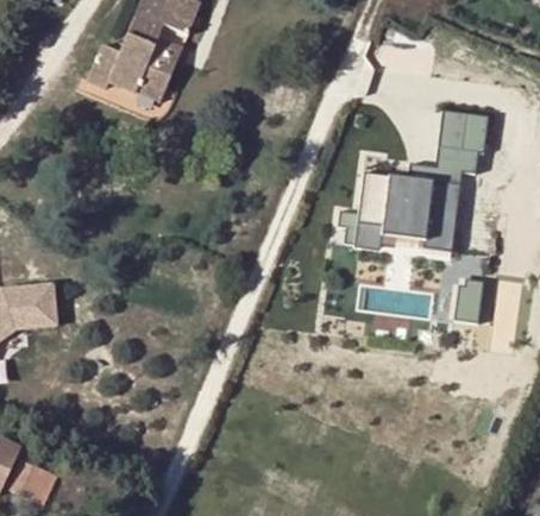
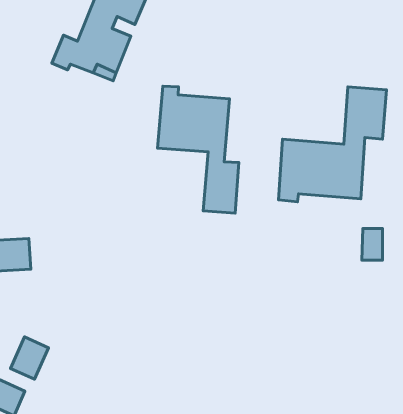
building: none -> [157,86,239,213]
building: none -> [10,337,48,379]

